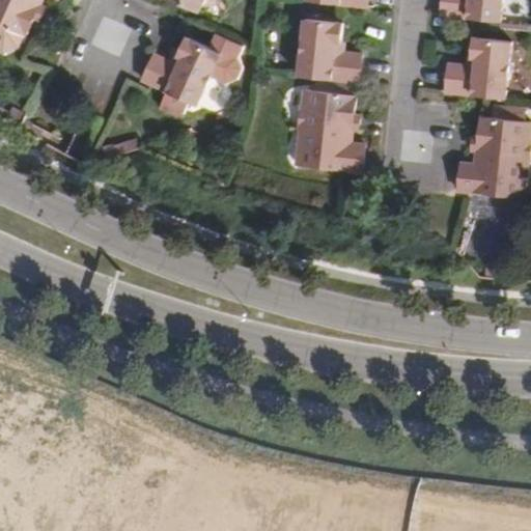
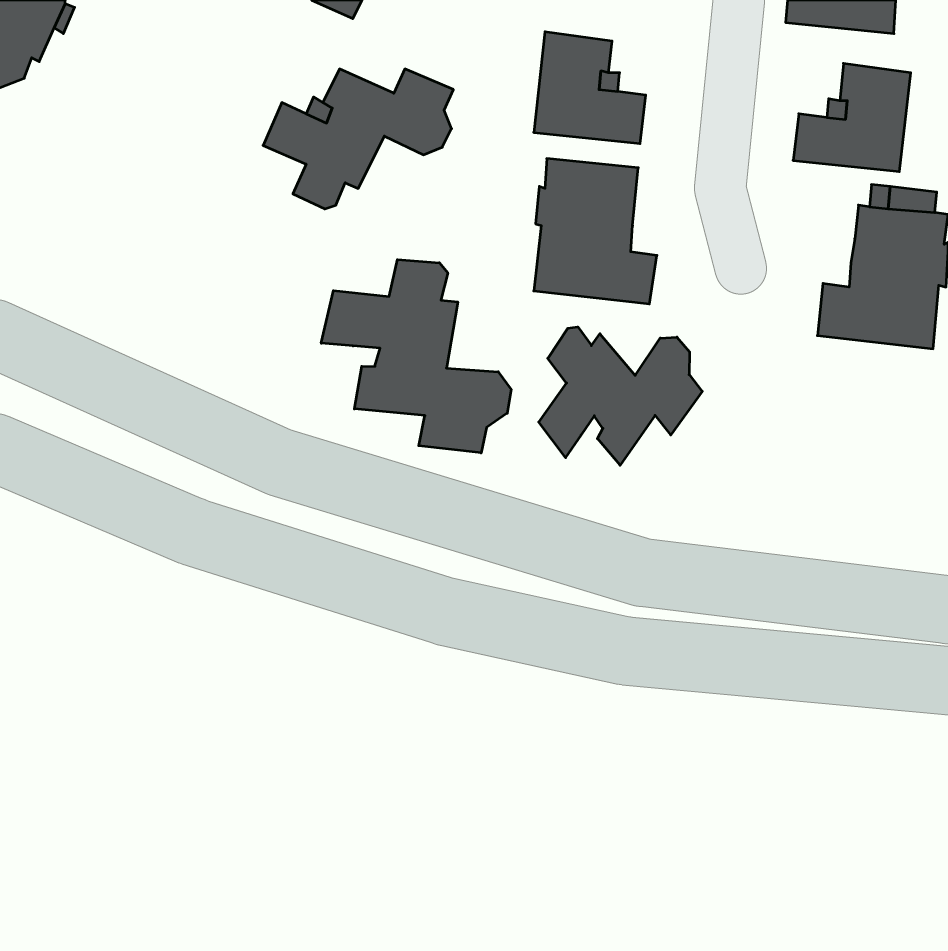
building: none -> [321,260,511,453]
building: none -> [539,327,702,465]

